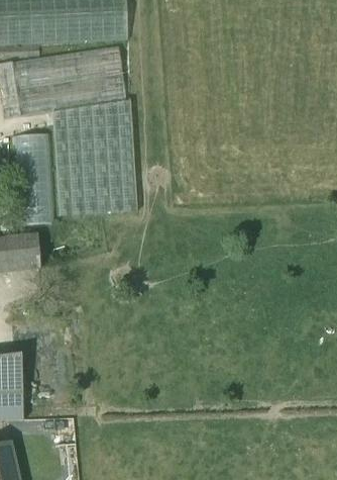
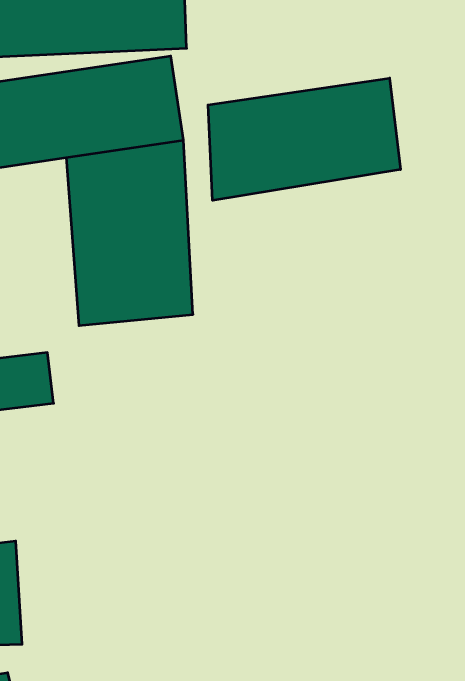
building: none -> [208,78,400,200]
building: [14,135,54,223] -> none

